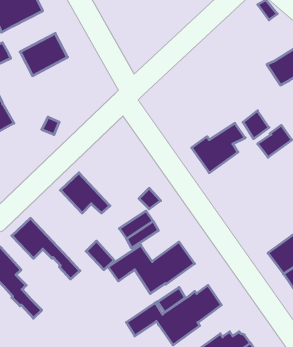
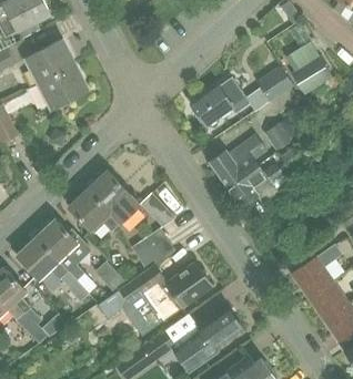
building: none -> [38,63,88,109]
building: none -> [256,65,293,101]
building: none -> [191,78,249,125]
building: none -> [228,164,283,206]
building: none -> [88,170,140,223]
building: none -> [36,218,91,279]

